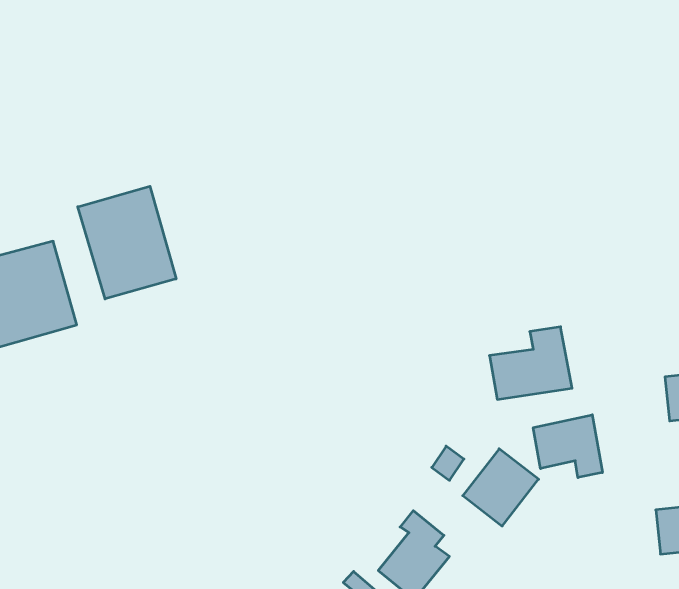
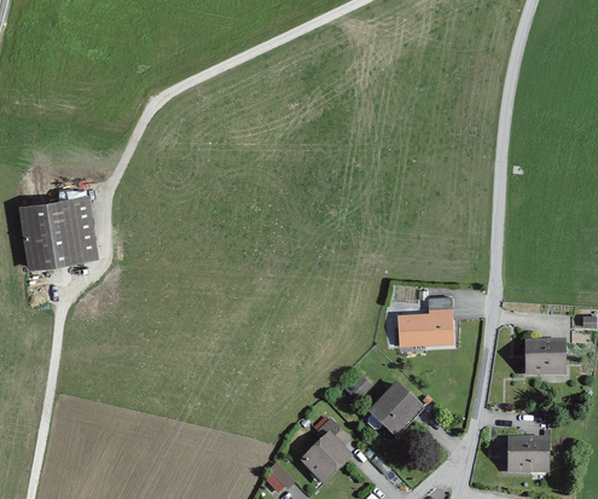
building: [78,186,176,299] -> none
building: [533,415,602,478] -> none

